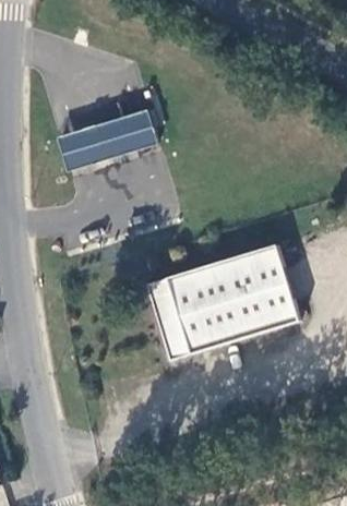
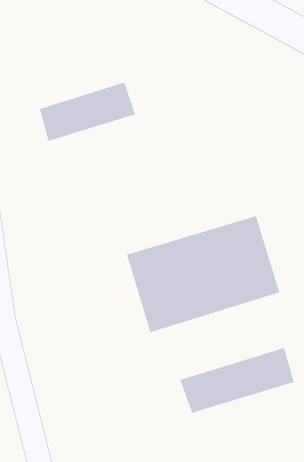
building: none -> [180,347,294,414]

